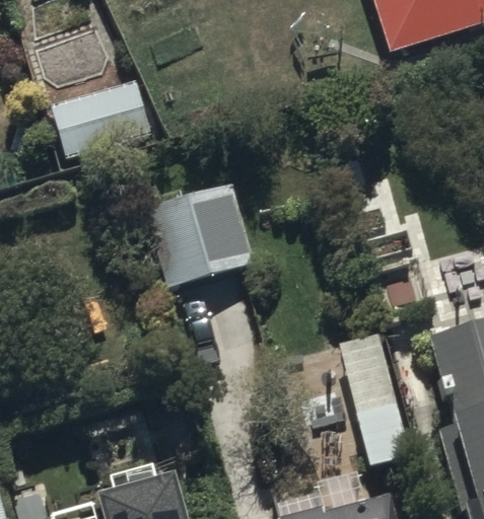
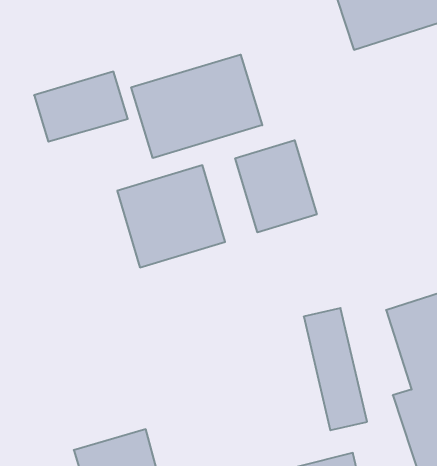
building: none -> [131,55,262,158]
building: none -> [235,140,317,232]

